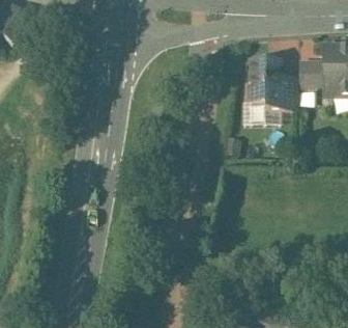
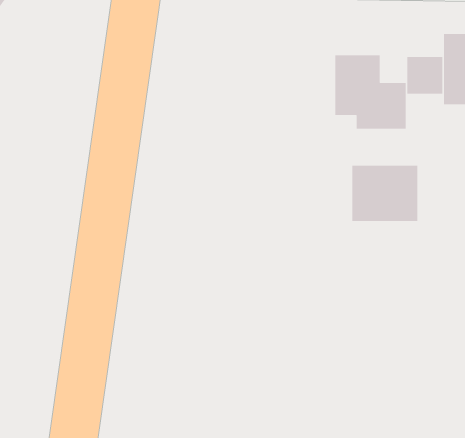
building: none -> [351,165,418,222]

